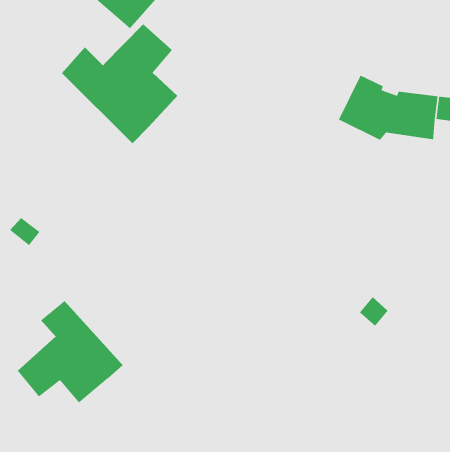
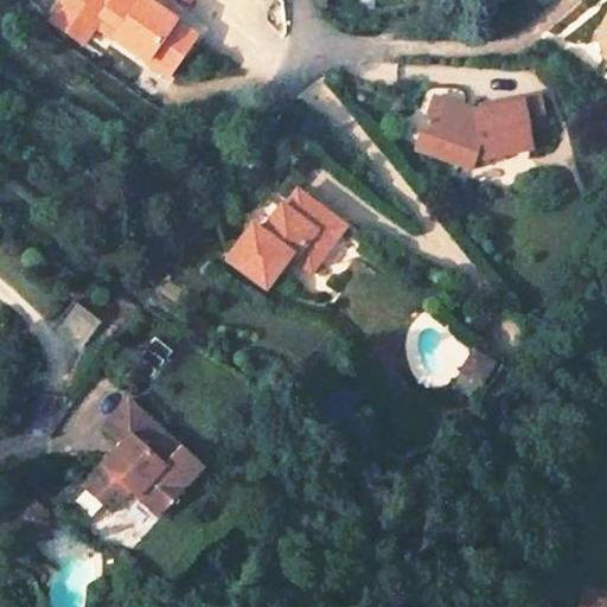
building: [61,24,178,144] -> none
building: none -> [226,185,349,286]

